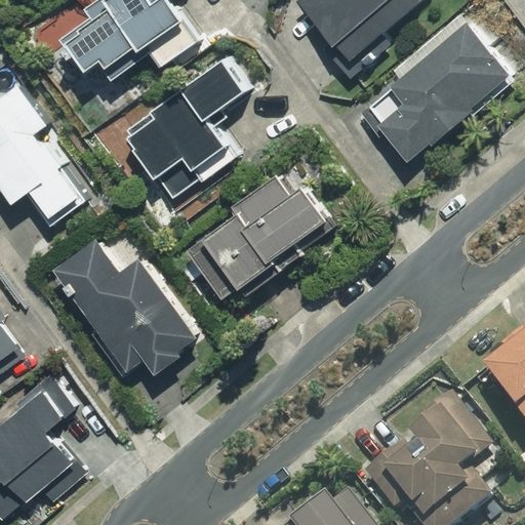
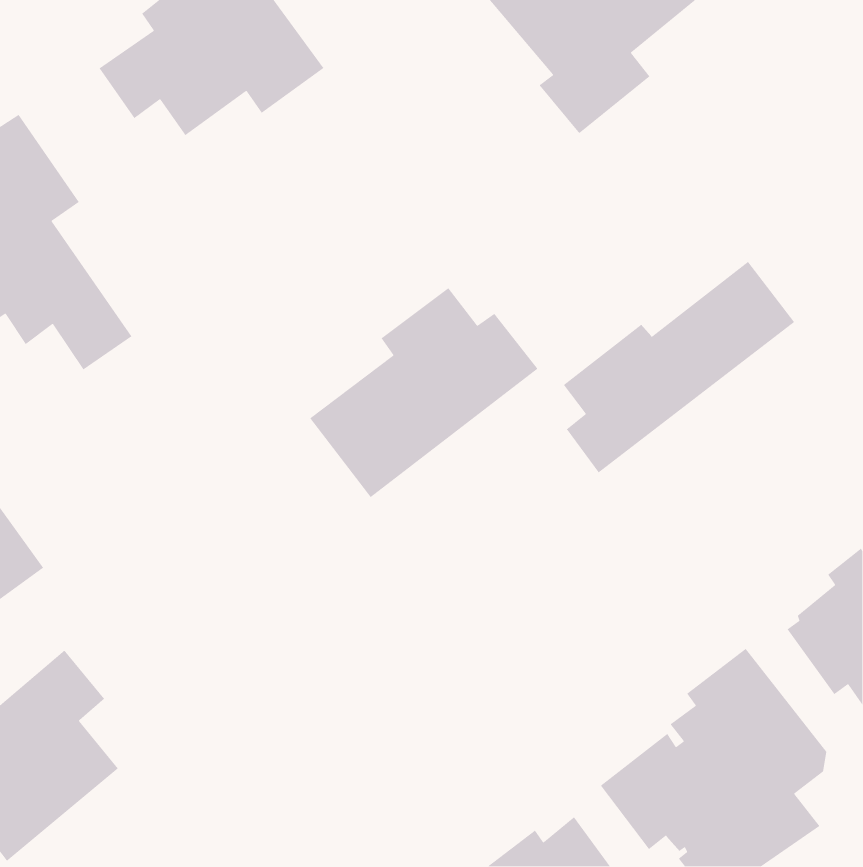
building: [356,19,510,169] -> none
building: [132,53,253,194] -> none
building: none -> [563,261,795,473]
building: [52,232,205,375] -> none

